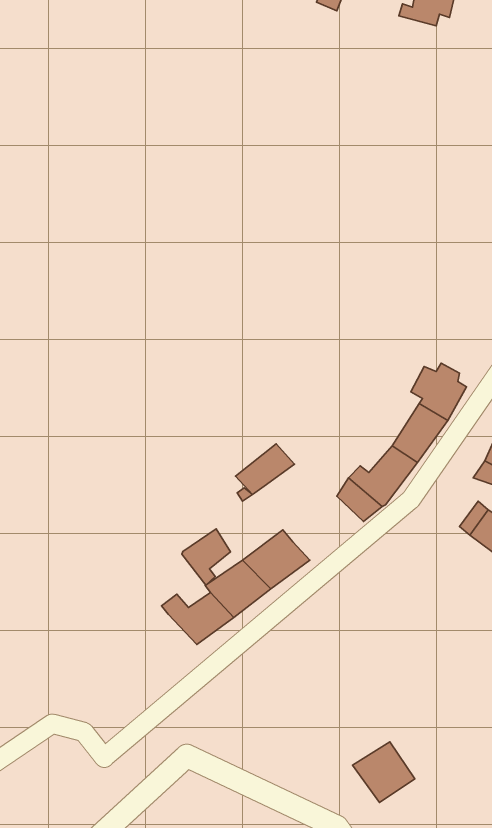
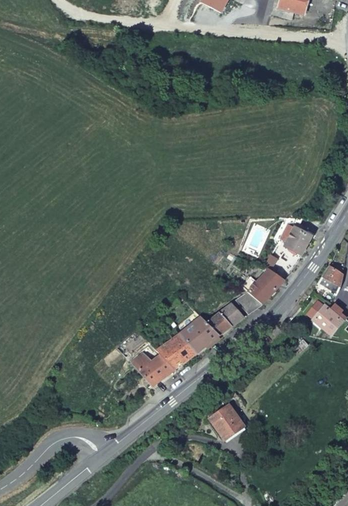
building: [236,444,295,495] -> [209,304,244,334]
building: [182,529,231,585] -> none
building: [353,742,415,802] -> [208,405,245,441]

